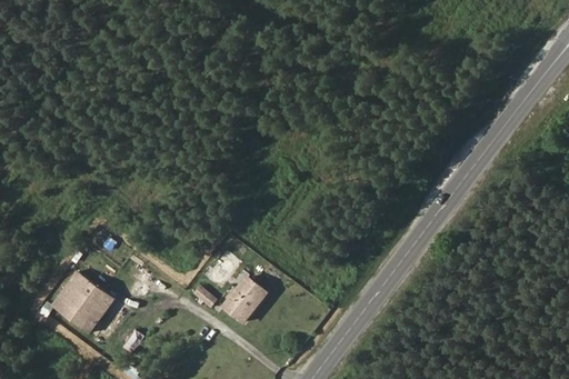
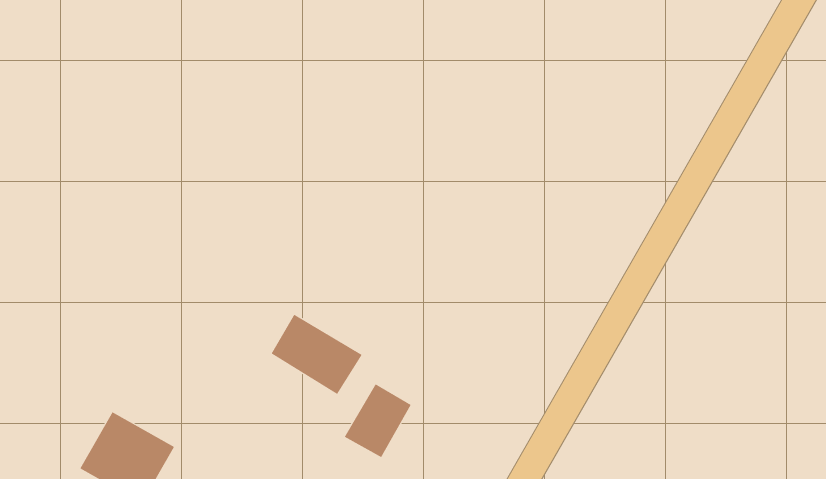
building: none -> [271,314,363,395]

